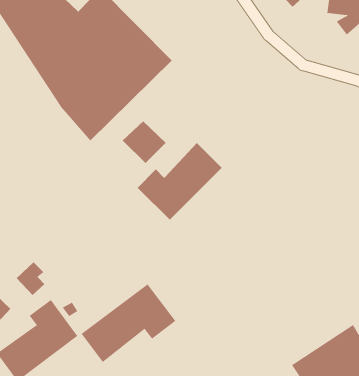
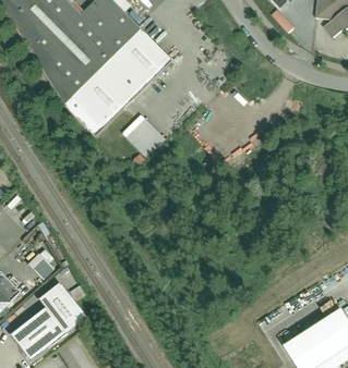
building: [137,142,223,221] -> none
building: [81,283,176,363] -> none

